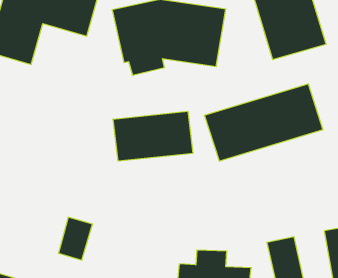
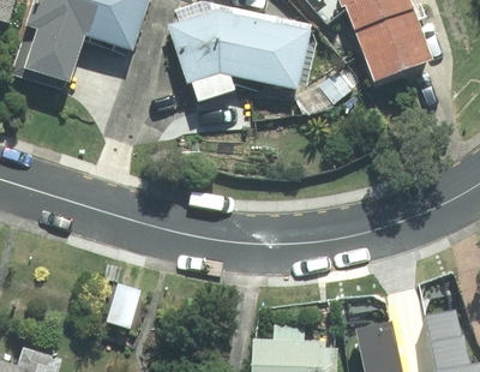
building: [205,84,323,161] -> none
building: [113,111,193,161] -> none

